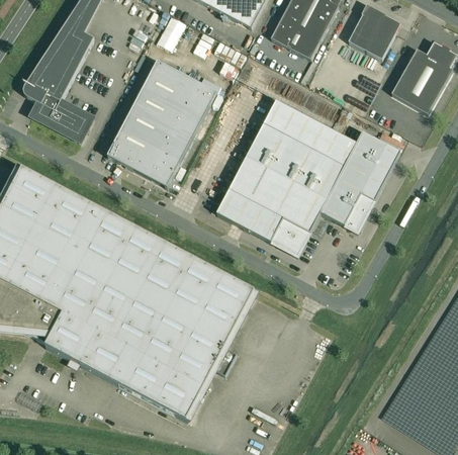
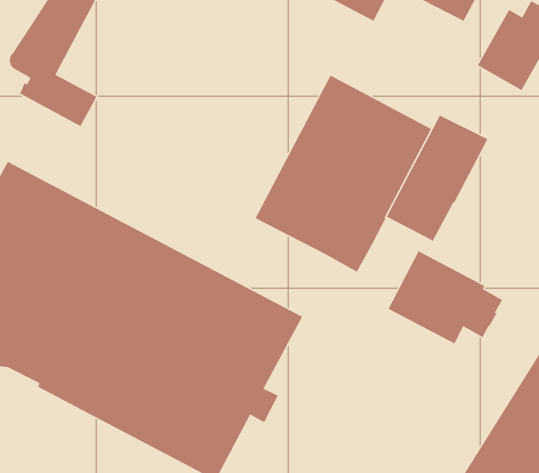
building: [107,60,216,186] -> none
building: none -> [388,250,503,345]

